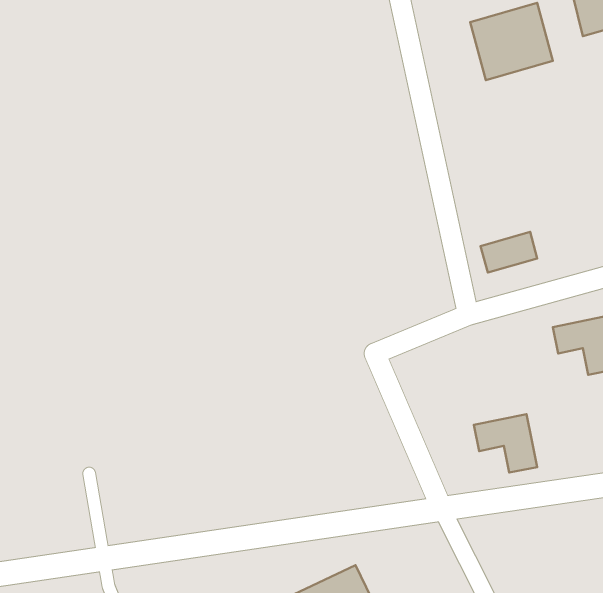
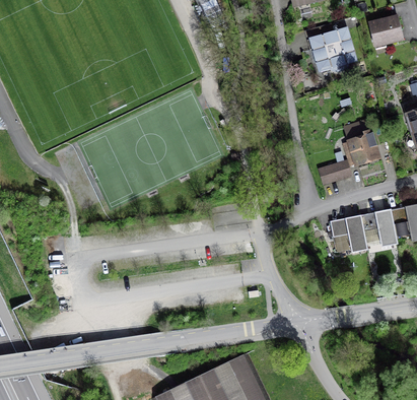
building: none -> [340,123,379,168]
building: [474,414,537,472] -> [328,215,364,249]

